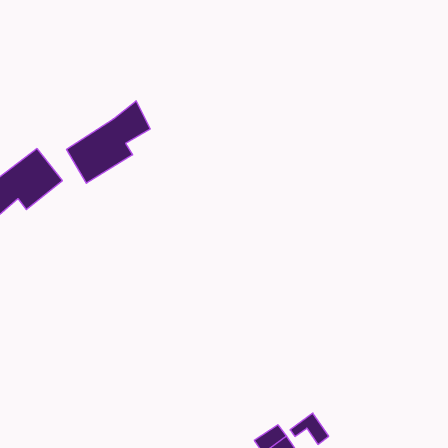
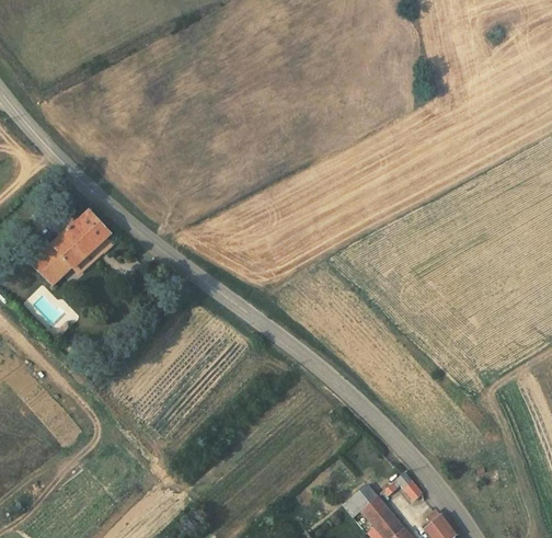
building: [67,101,150,183] -> none

